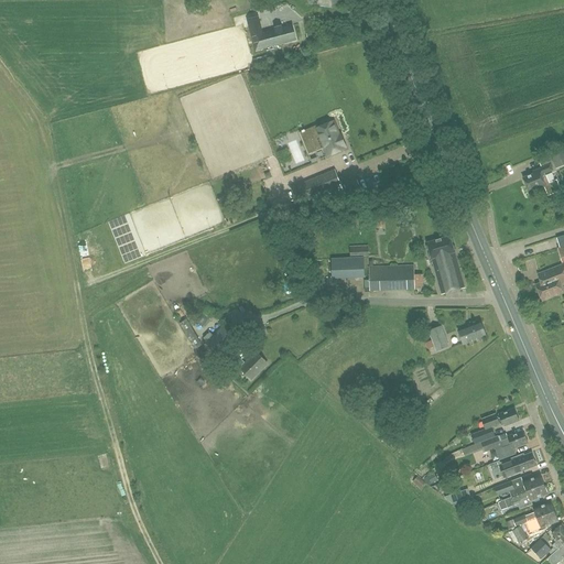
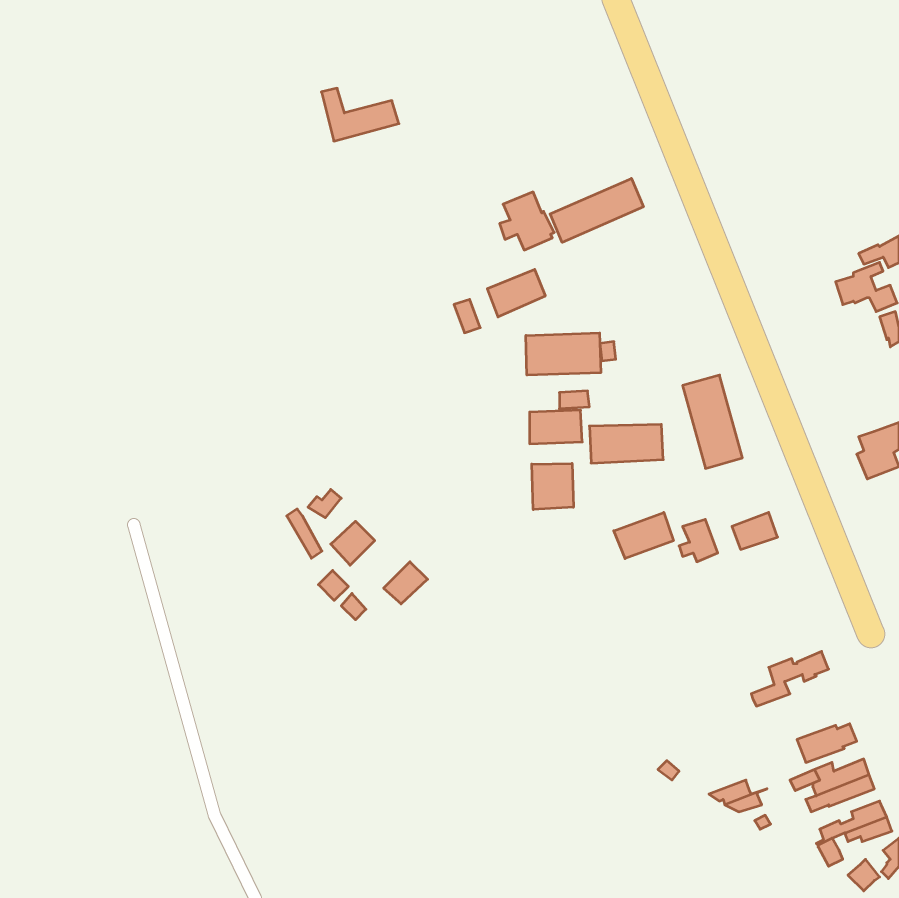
building: [248,17,296,50] -> [321,88,399,141]
building: none -> [550,178,643,242]
building: none -> [526,333,601,375]
building: none -> [532,463,573,510]
building: none -> [614,512,673,559]
building: [463,431,528,459] -> none

